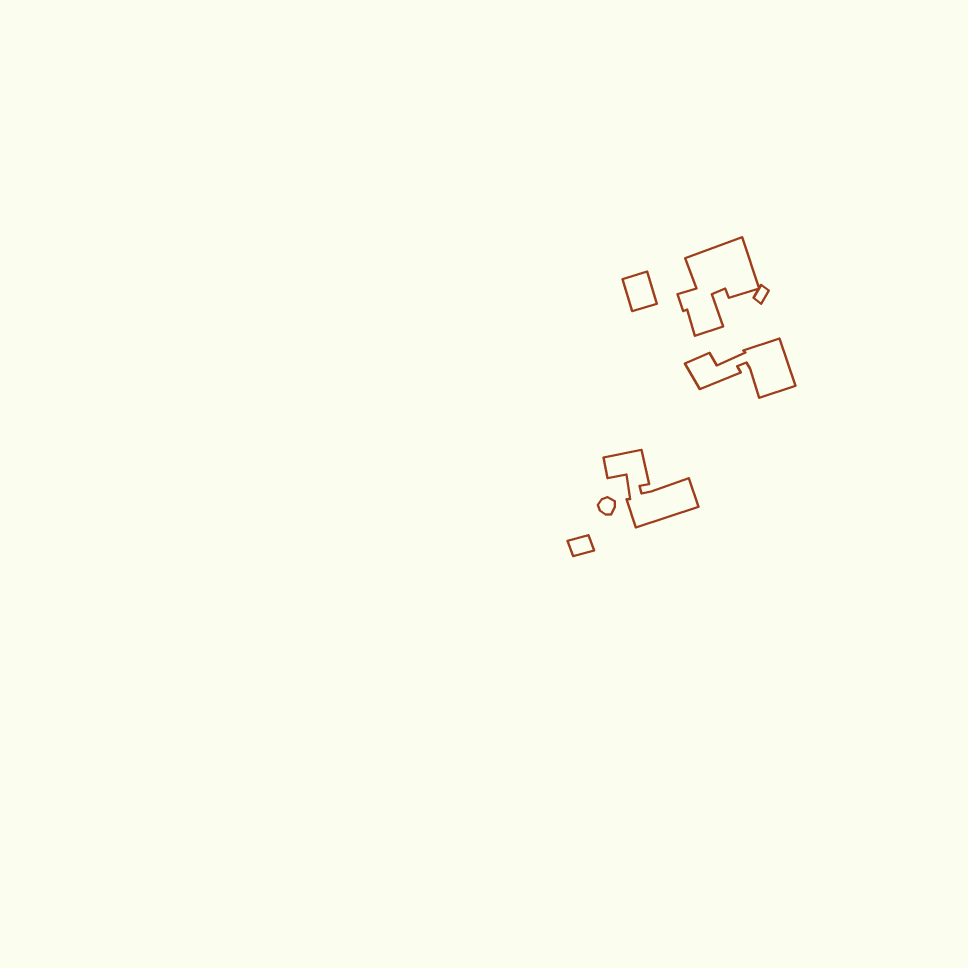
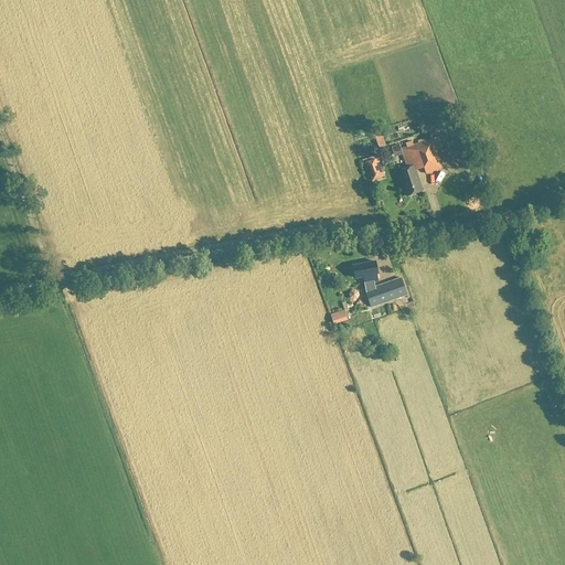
building: [685,338,795,398] -> none

